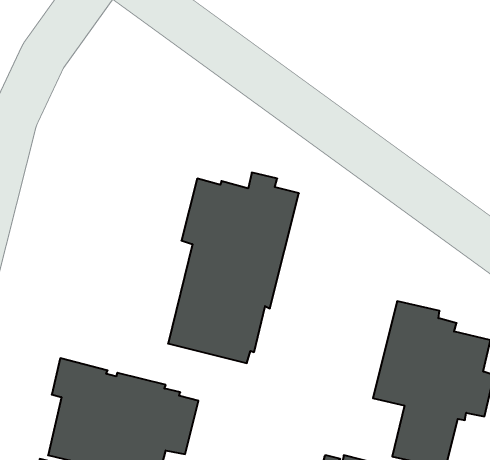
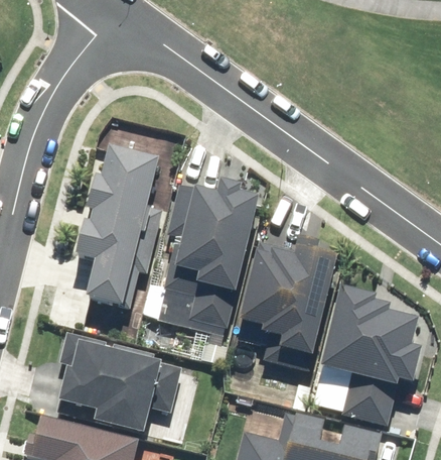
building: none -> [78,143,159,302]
building: none -> [241,234,339,371]

